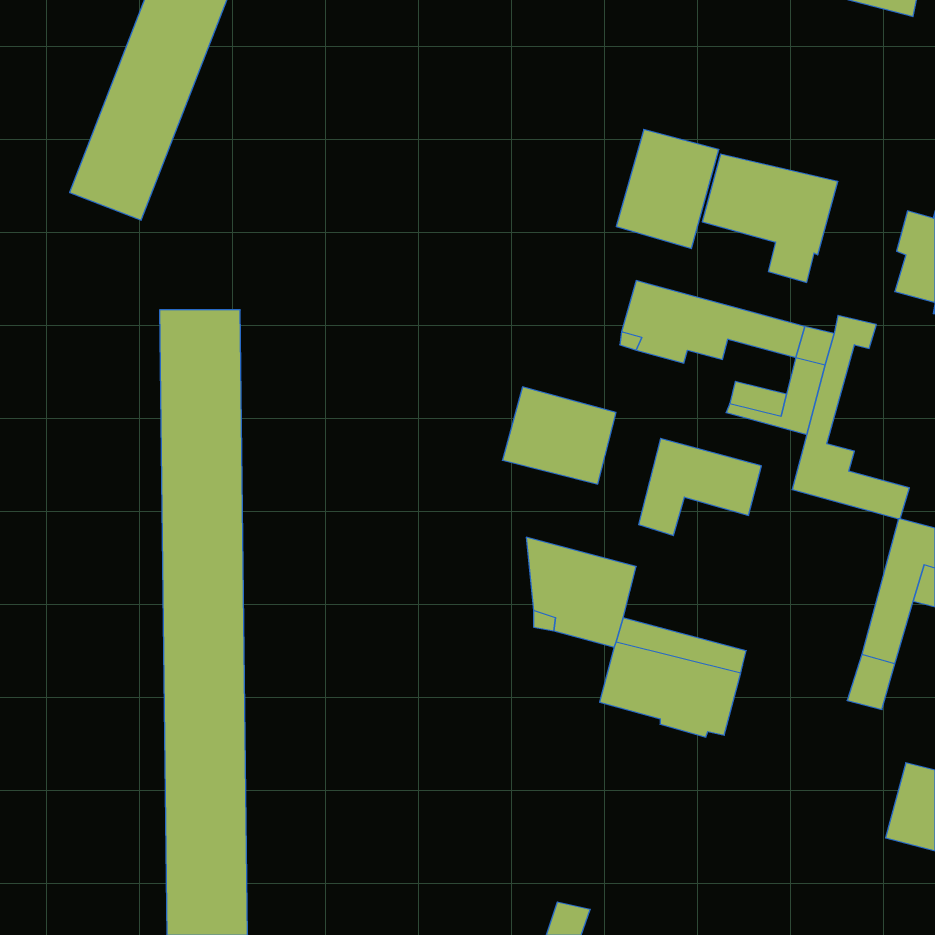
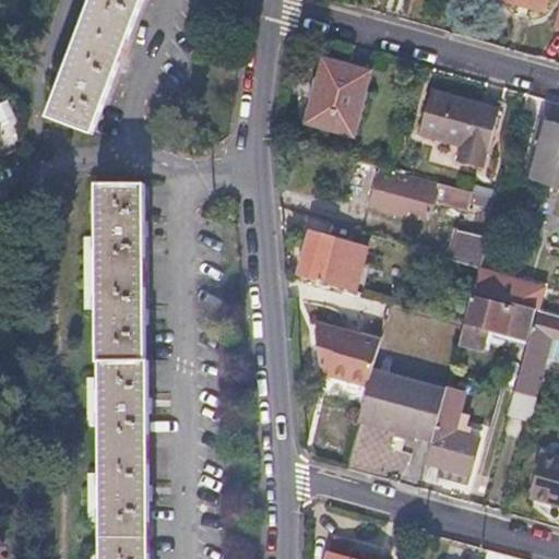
building: [616,129,719,249] -> [307,61,368,132]
building: [639,438,761,536] -> [456,295,530,353]
building: none -> [424,396,477,475]

